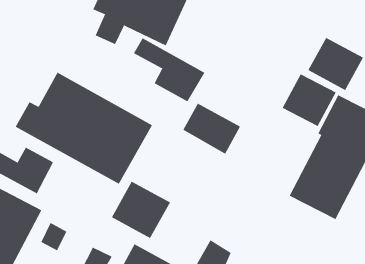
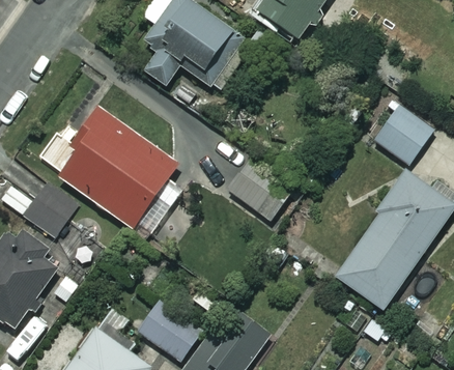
building: [133,37,205,102] -> none
building: [282,73,336,127] -> none
building: [111,181,171,239] -> none

